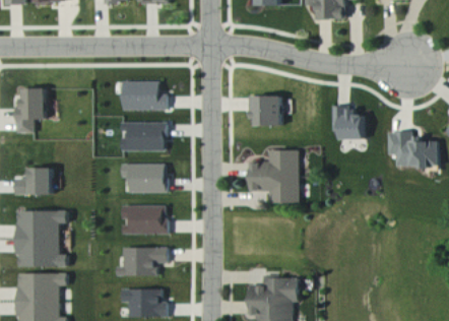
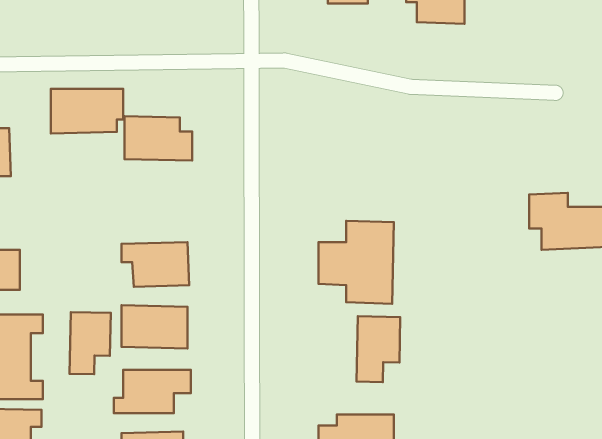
building: [248,97,281,126] -> none
building: [331,107,366,140] -> none
building: [119,122,167,151] -> [51,89,123,133]
building: none -> [69,312,111,374]
building: none -> [357,316,400,382]

